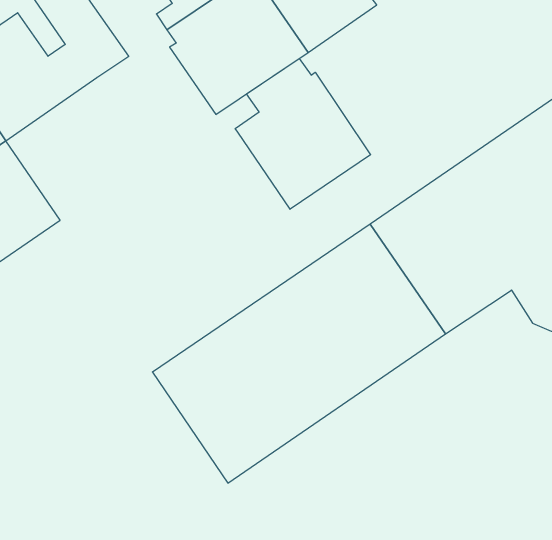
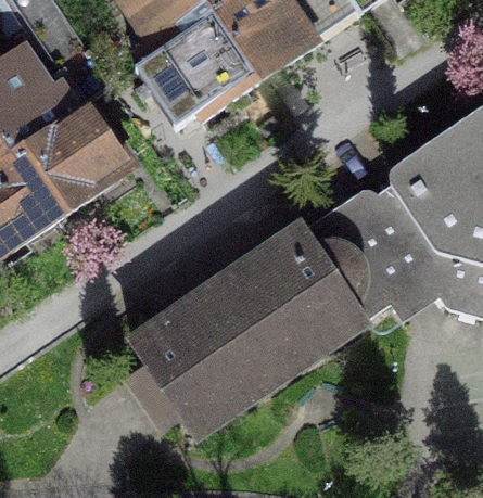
building: [235,59,371,209] -> none
building: none -> [11,102,130,219]

